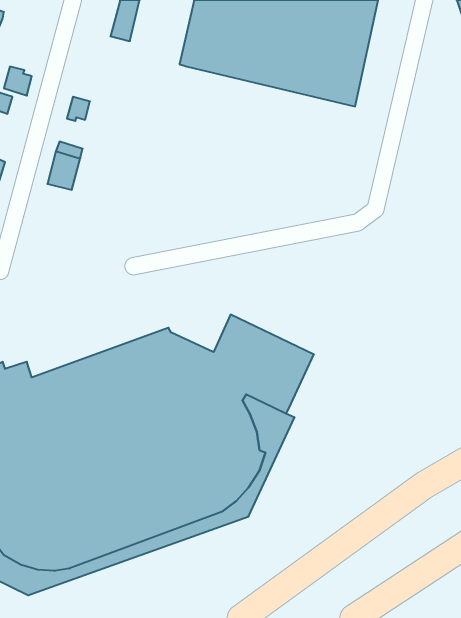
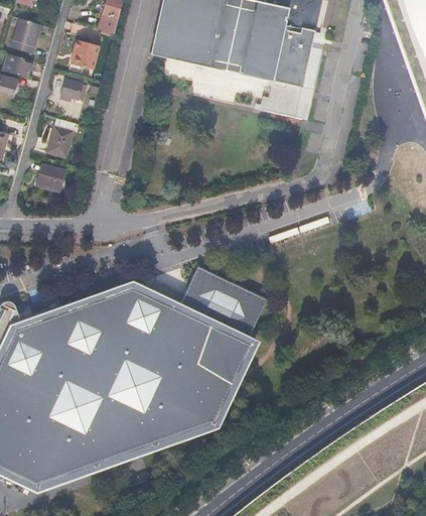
building: none -> [10,18,41,54]
building: none -> [73,40,99,71]
building: none -> [37,166,62,189]

